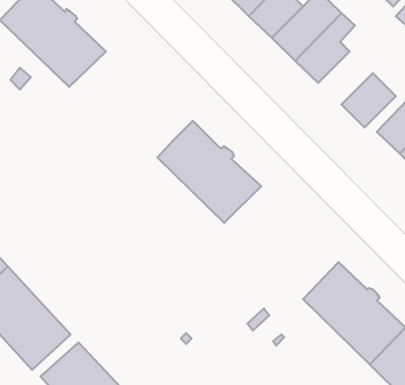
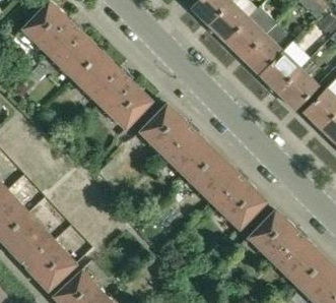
building: none -> [74,53,152,130]
building: none -> [260,53,300,93]
building: none -> [190,154,266,229]

